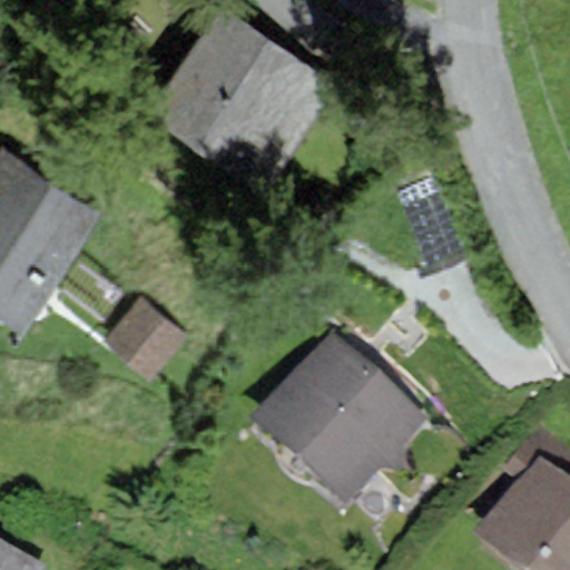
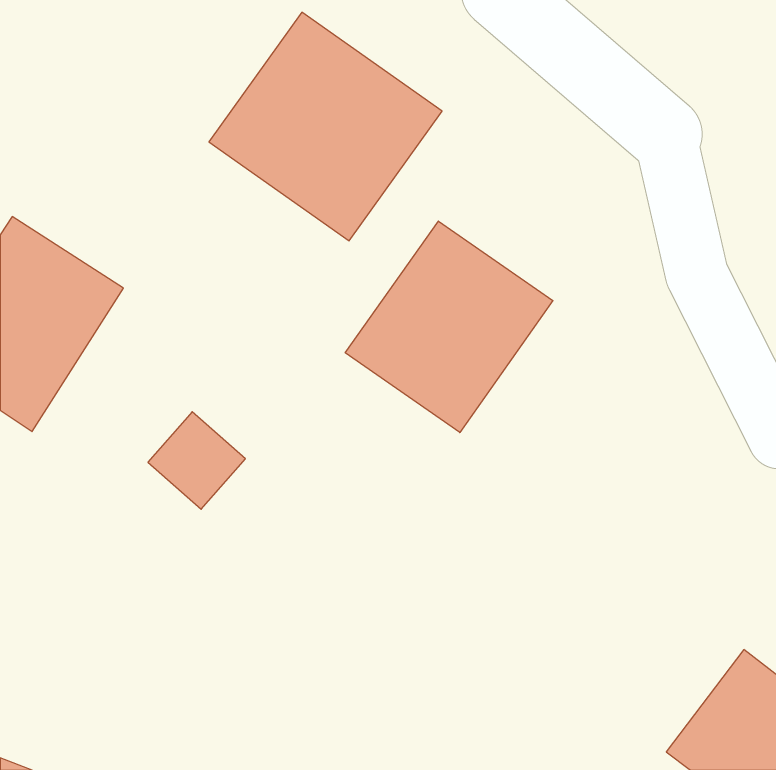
building: none -> [345,221,553,433]
building: [268,353,416,501] -> none

